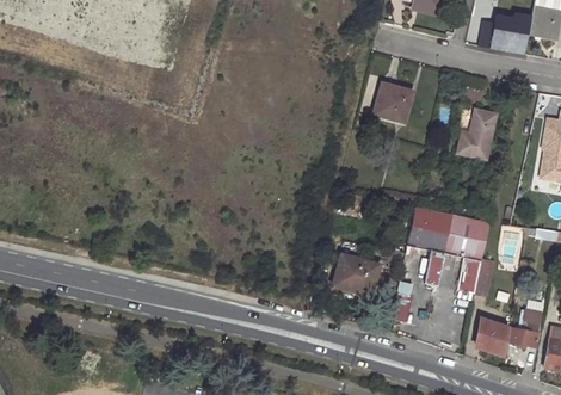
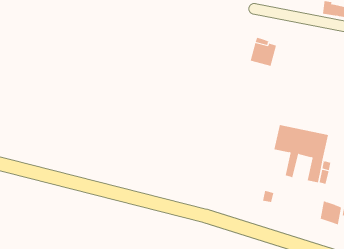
building: [457,110,495,159] -> none
building: [333,254,380,295] -> none

